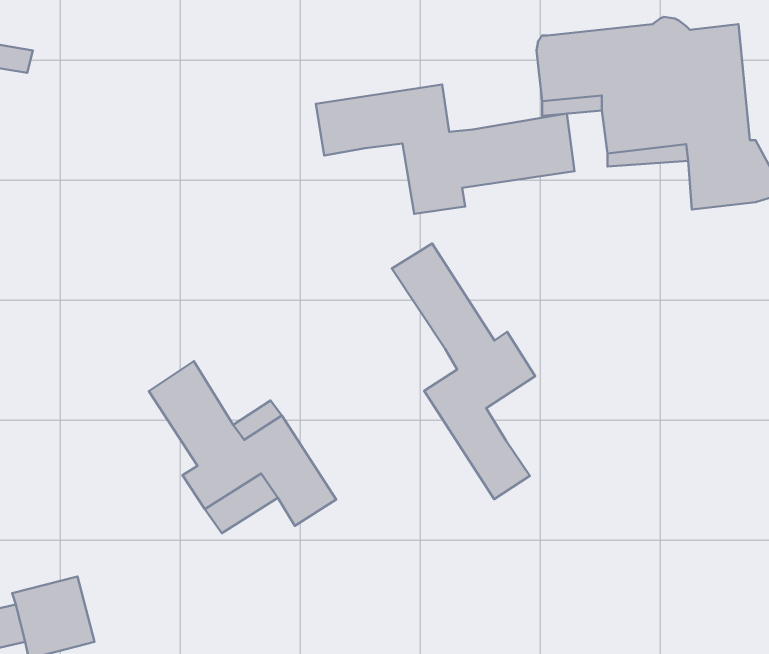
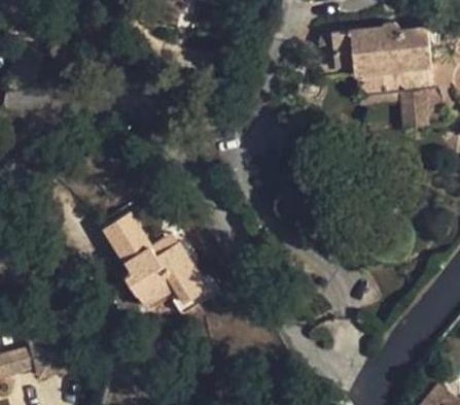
building: [316,84,575,214] -> none
building: [392,244,535,499] -> none

